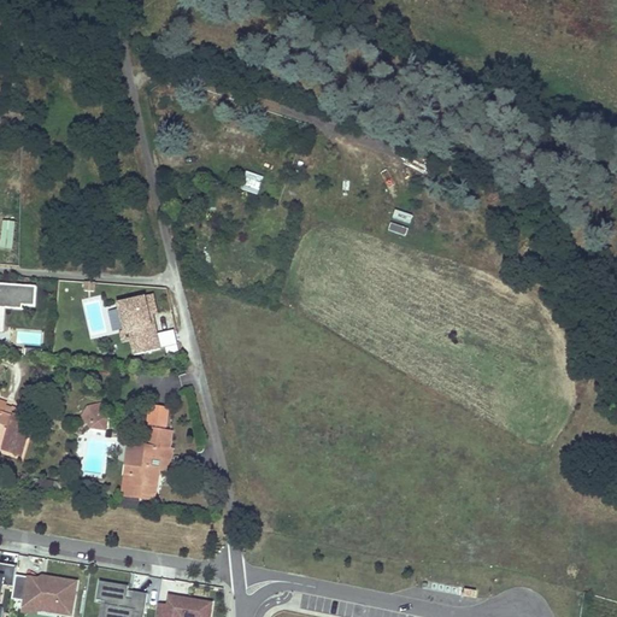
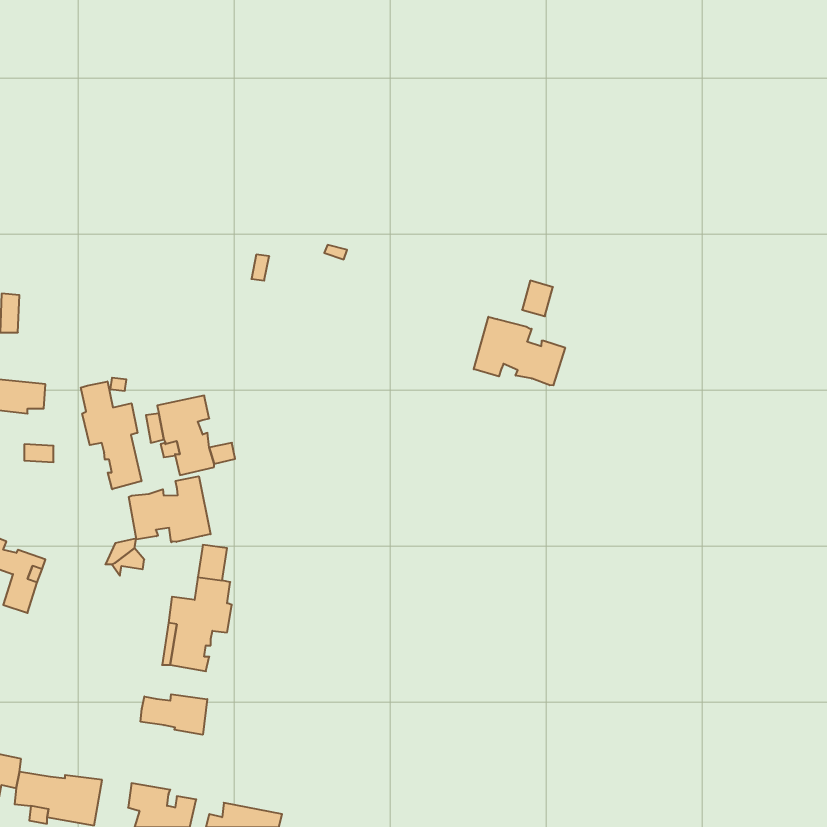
building: none -> [474,317,565,385]
building: none -> [81,381,141,489]
building: none -> [129,476,211,542]
building: none -> [141,694,207,735]

